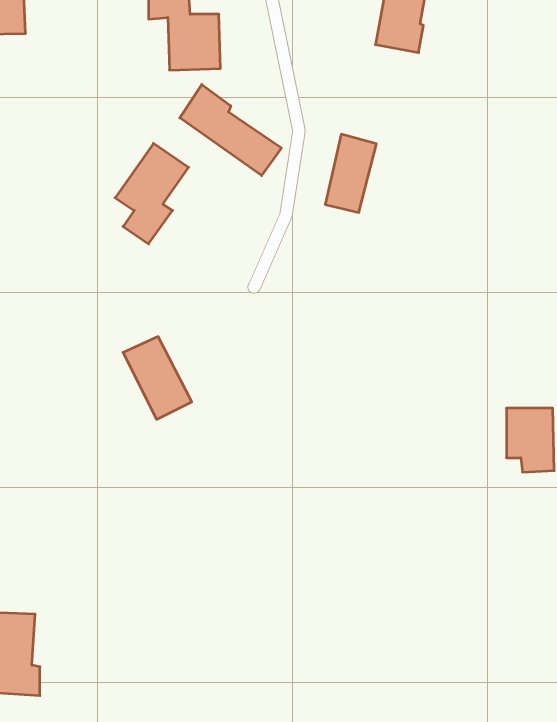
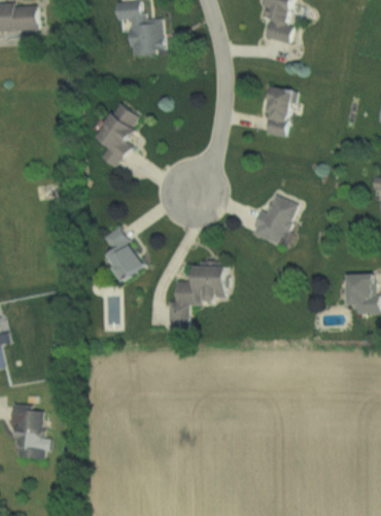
building: [180,84,281,176] -> none
building: [325,134,376,212] -> [263,85,296,136]
building: none -> [250,194,299,246]
building: none -> [167,265,228,328]

